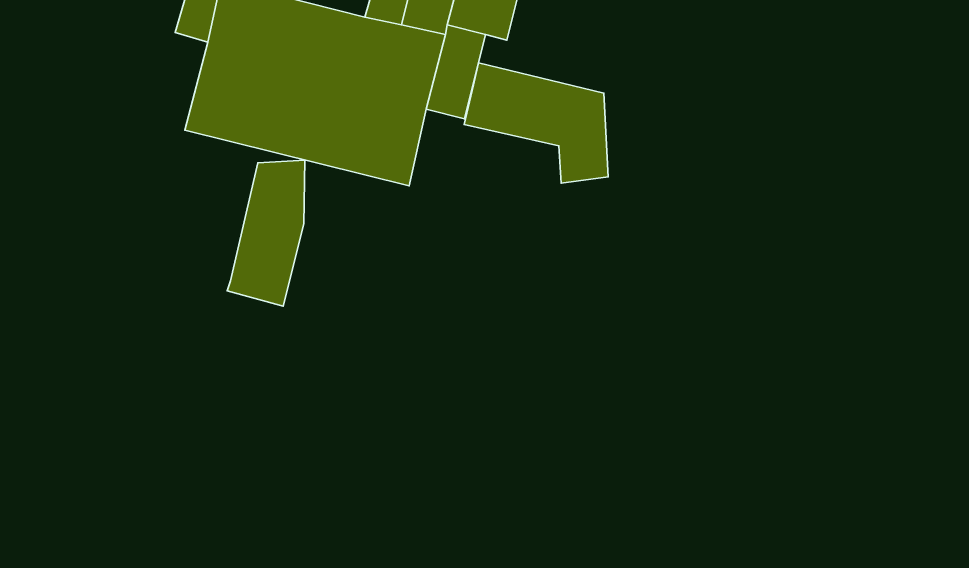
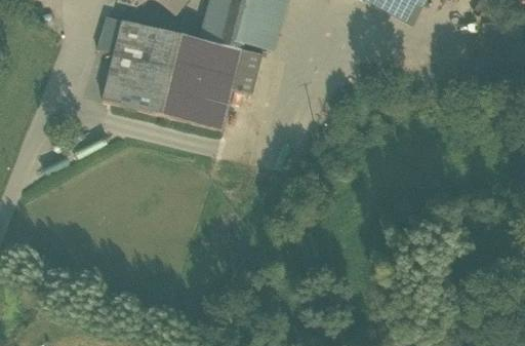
building: [464,63,608,183] -> none
building: [227,160,305,306] -> none

